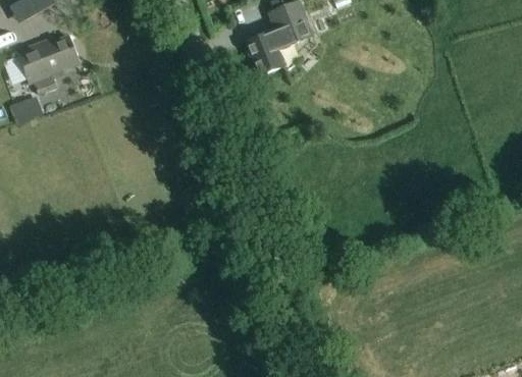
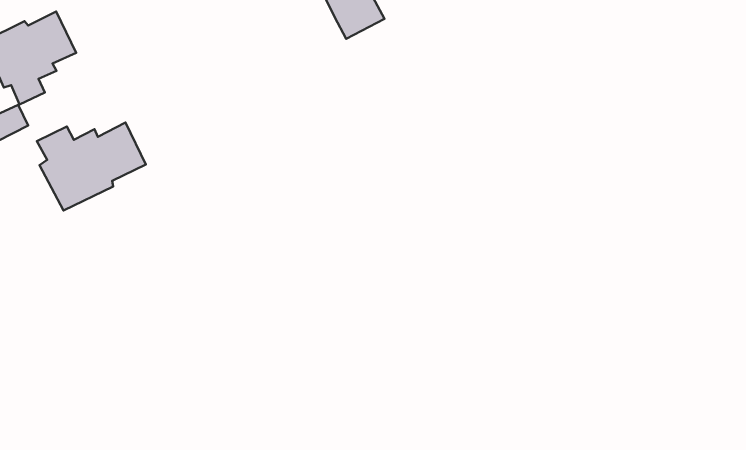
building: none -> [37,122,146,210]

